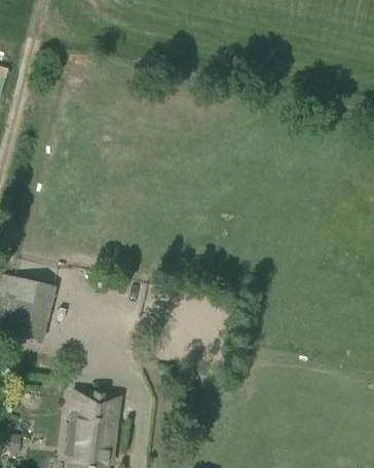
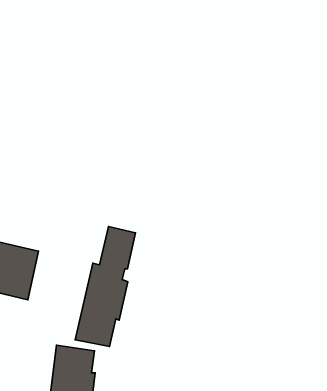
building: none -> [75,227,136,346]

